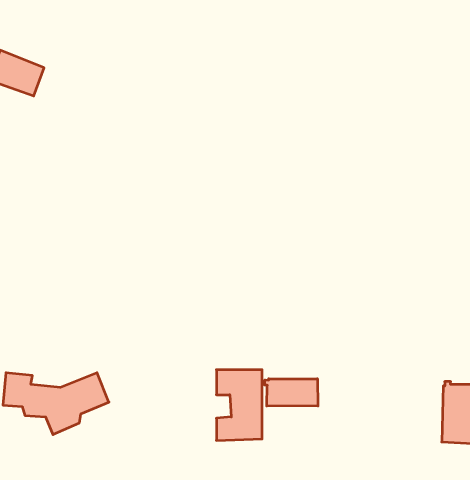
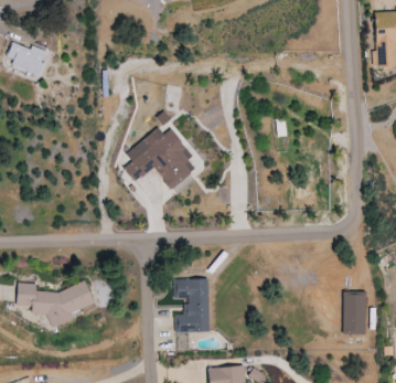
building: none -> [125,125,197,188]
building: [265,379,318,406] -> none

